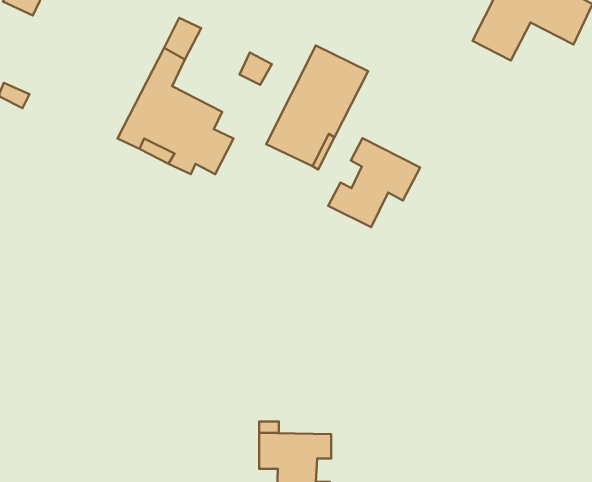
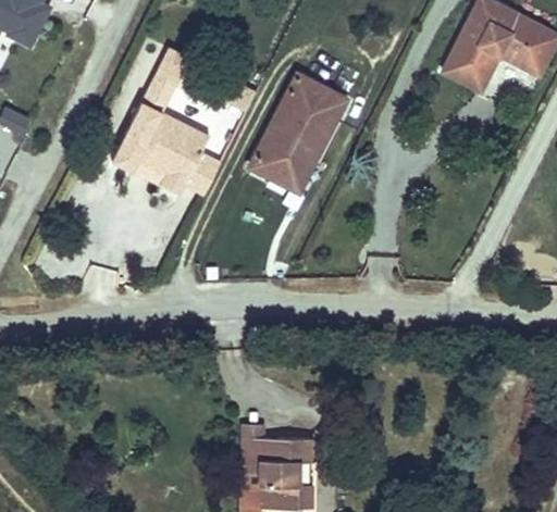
building: [328,138,420,227] -> none

